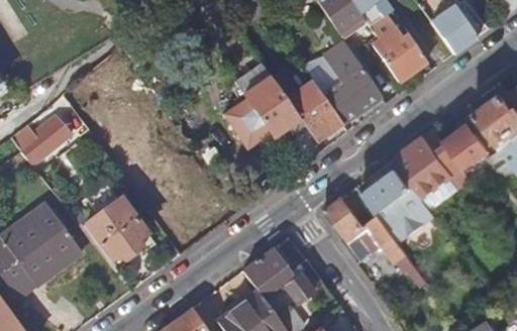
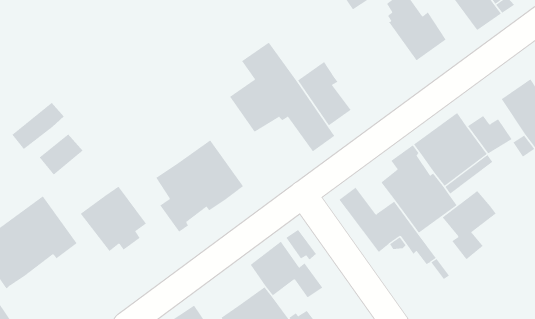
building: [299,41,381,123] -> none
building: none -> [39,133,84,176]
building: none -> [155,140,244,232]
building: none -> [442,190,496,260]

